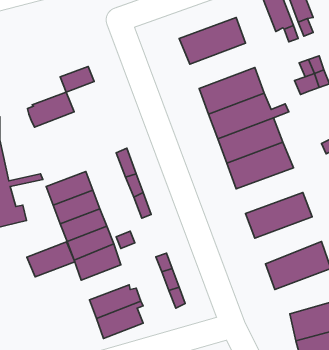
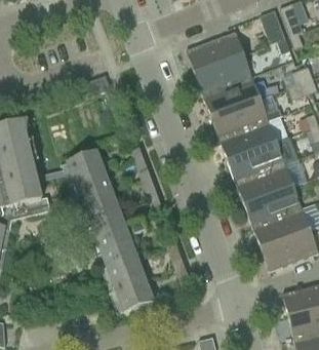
building: none -> [194,53,251,93]
building: [28,92,74,127] -> [62,149,103,180]
building: none -> [235,163,293,203]
building: none -> [251,206,310,247]
building: [27,242,75,277] -> [98,248,141,279]

